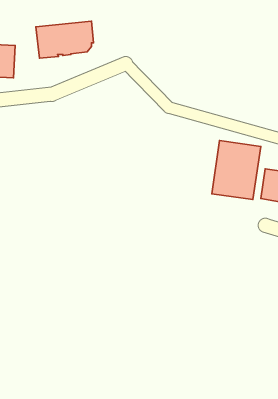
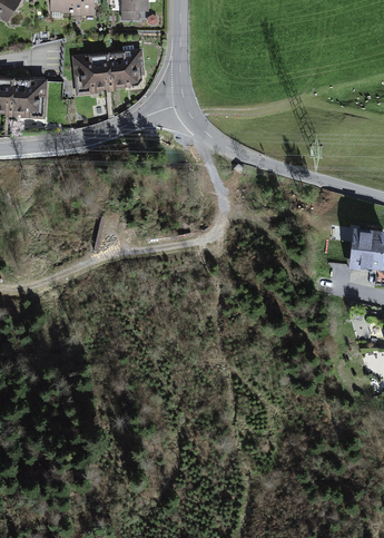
building: [212,141,261,200] -> none

